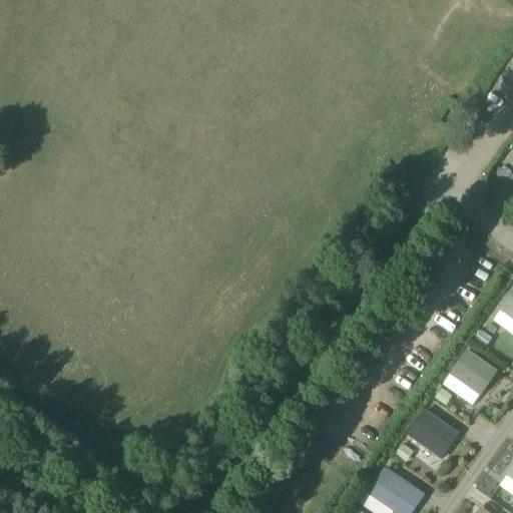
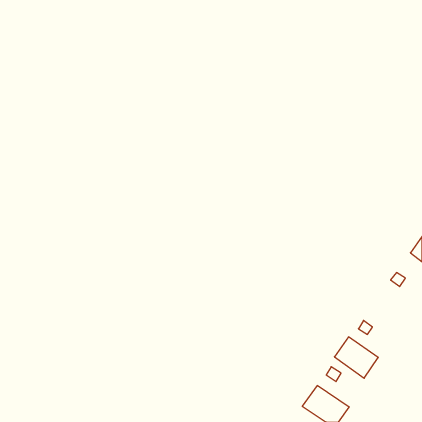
building: [449,350,497,395] -> none

